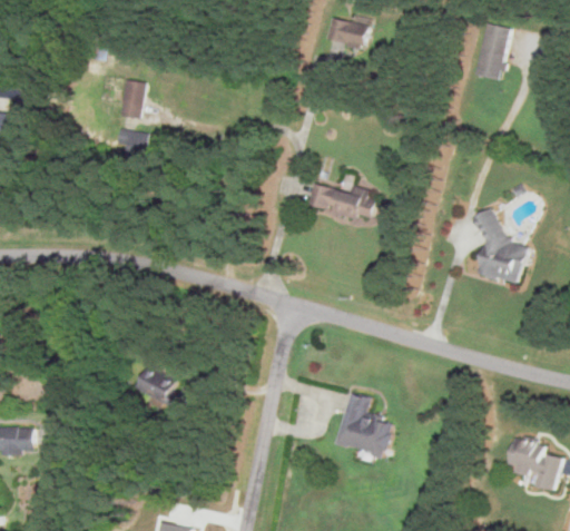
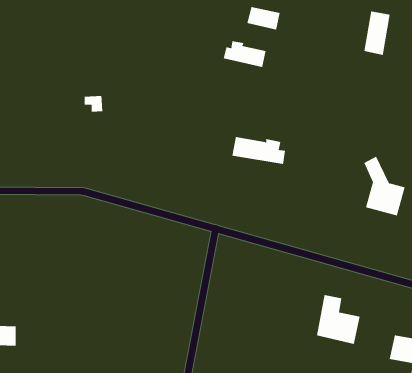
building: none -> [223,40,266,68]
building: [120,79,144,118] -> none
building: [141,371,177,400] -> none
building: [336,392,393,455] -> [316,295,361,344]

